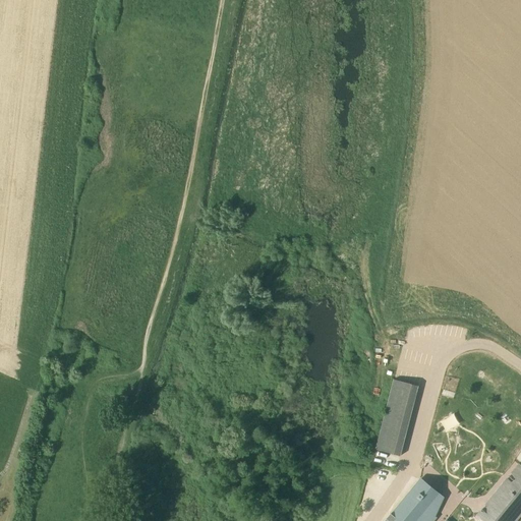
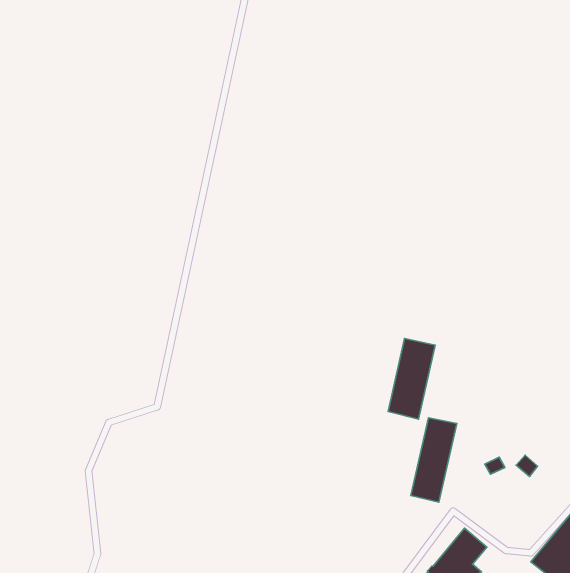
building: none -> [388,339,435,419]

